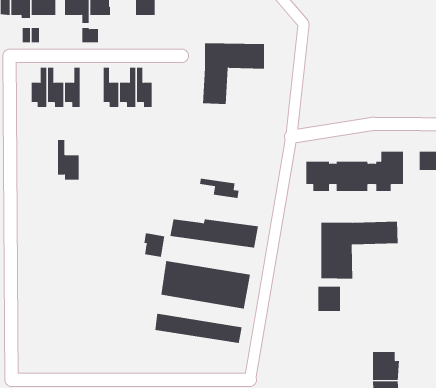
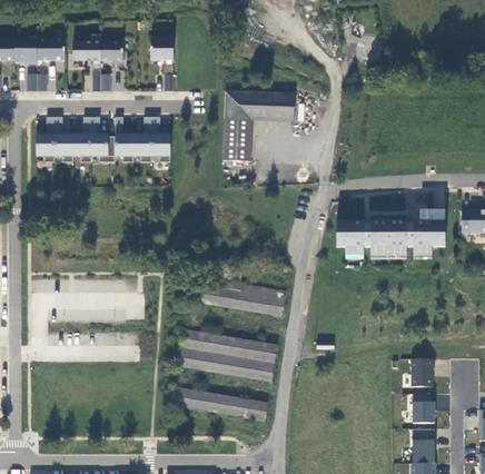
building: [57,140,79,180] -> [90,117,115,161]
building: [199,178,239,199] -> none
building: [321,221,398,279] -> none
building: [144,232,165,258] -> none
building: [317,286,341,312] -> [410,359,436,387]
building: none -> [413,395,439,423]

